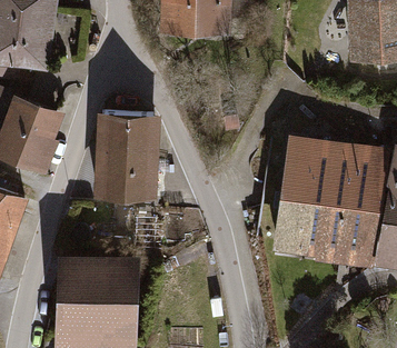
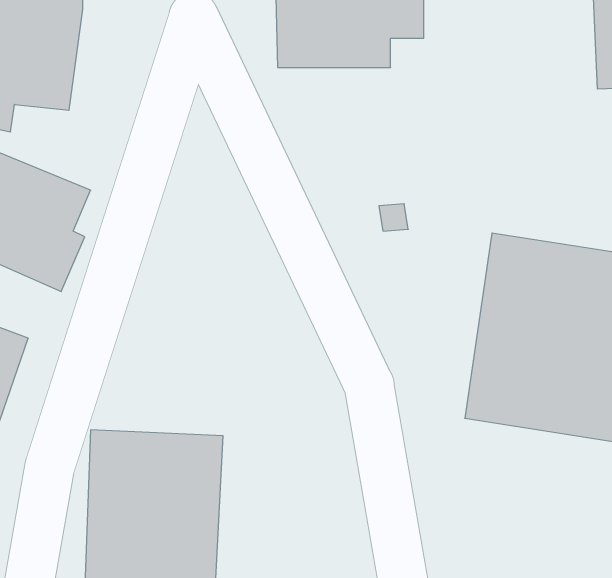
building: [95,111,157,198] -> none

